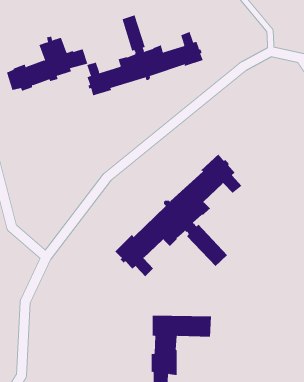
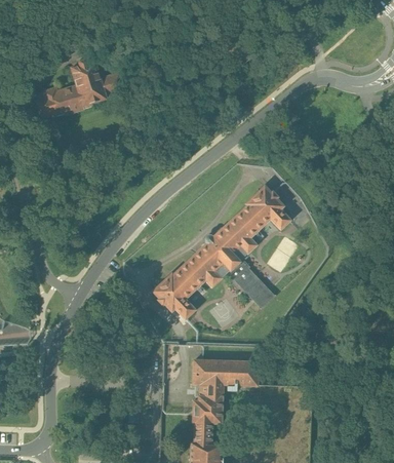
building: [87,14,203,96] -> none

